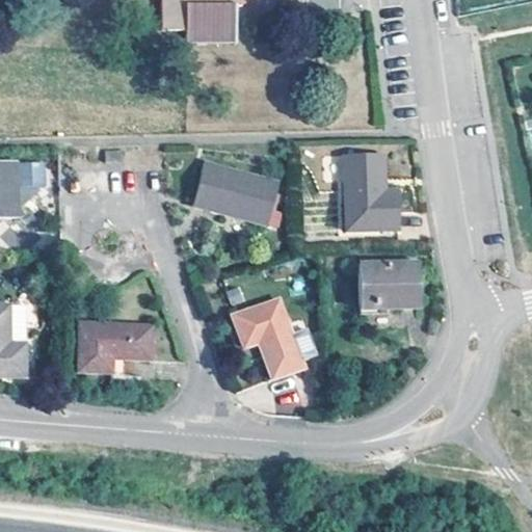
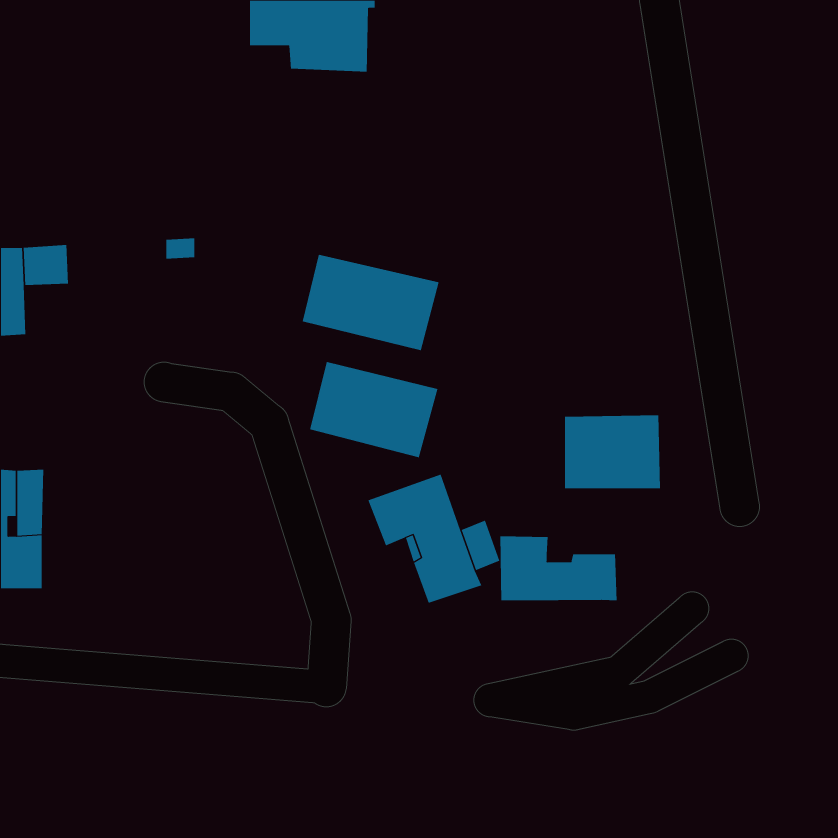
building: [343,154,399,232] -> none
building: none -> [310,361,438,458]
building: [76,320,153,371] -> none
building: none -> [500,536,617,601]

